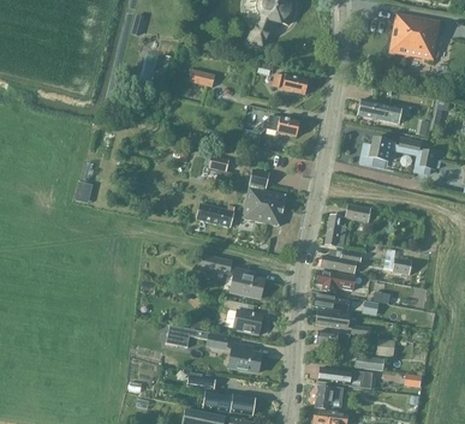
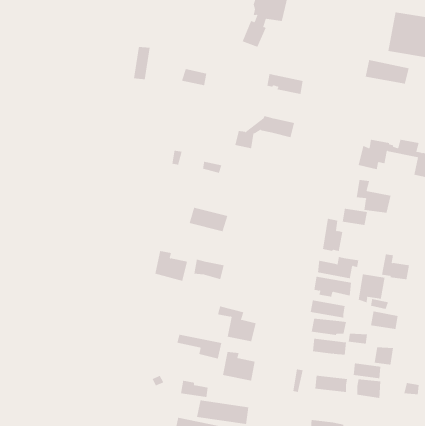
building: [358,97,401,121] -> [365,59,409,84]
building: [242,169,285,226] -> none
building: none -> [356,179,391,214]
building: none -> [358,273,385,303]
building: [231,268,263,298] -> [155,250,188,281]
building: [315,386,341,411] -> none

